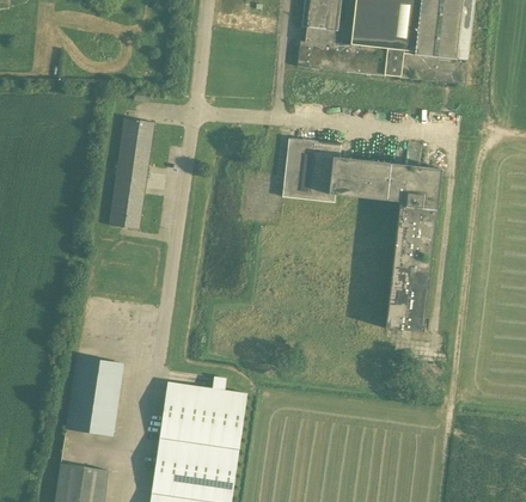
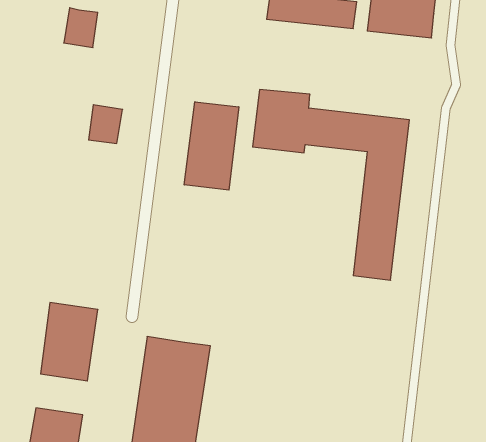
building: [120,117,154,158] -> [64,8,98,48]
building: none -> [184,102,239,190]
building: [110,189,143,228] -> none

